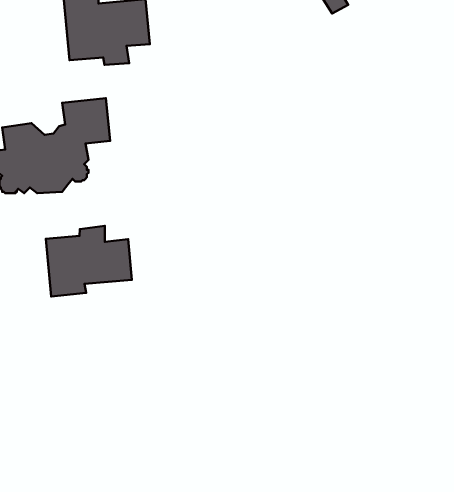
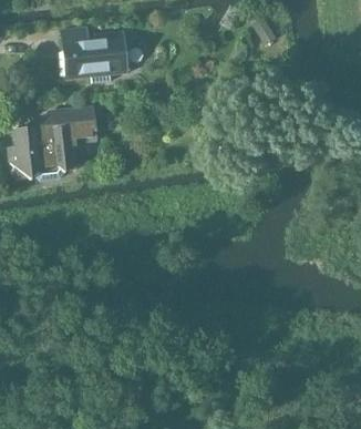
building: [46,226,132,297] -> none

